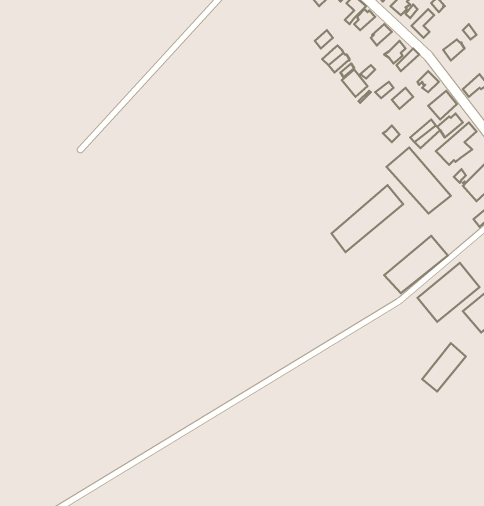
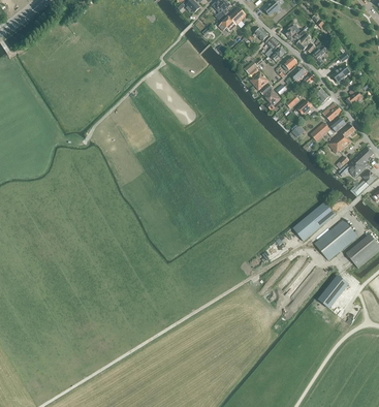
building: [386,148,451,214] -> none
building: [332,185,403,252] -> none

